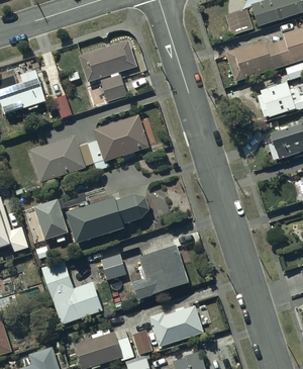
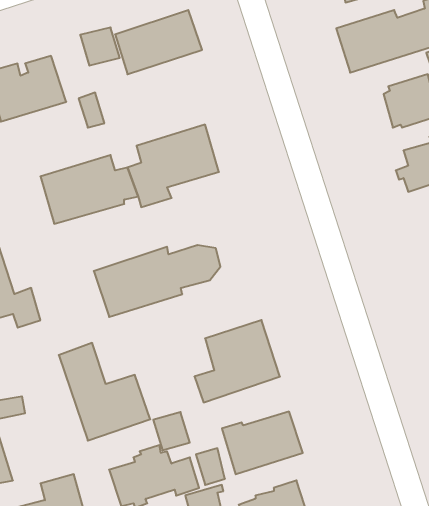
building: [100,75,126,100] -> [80,27,120,66]
building: [33,199,68,242] -> none
building: [101,254,125,279] -> [153,412,190,450]

